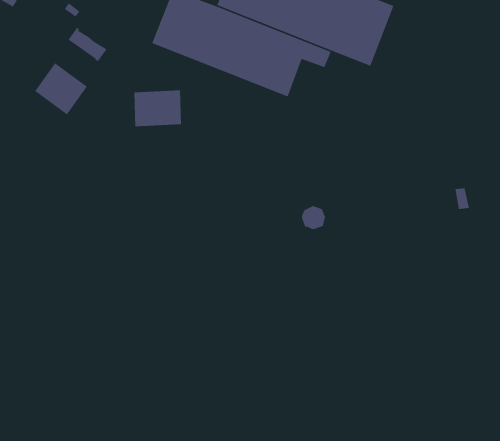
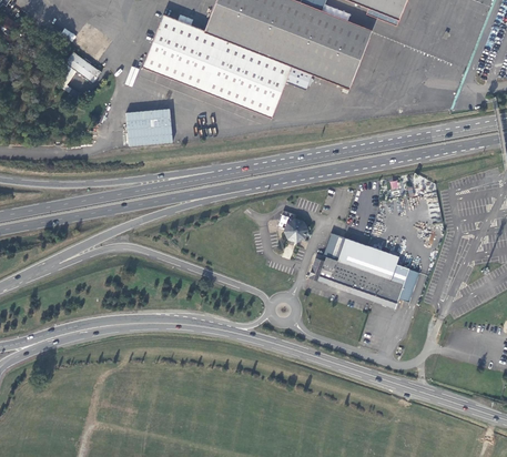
building: [34,62,88,116] -> none
building: none -> [308,232,419,307]

